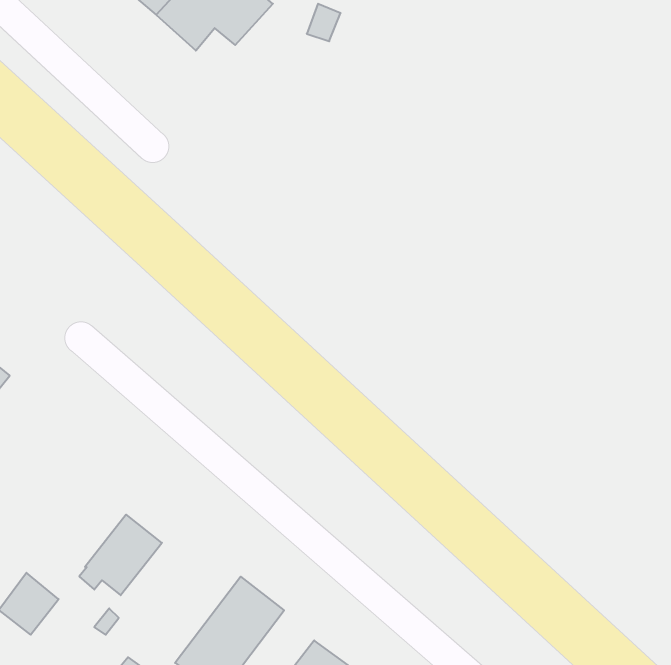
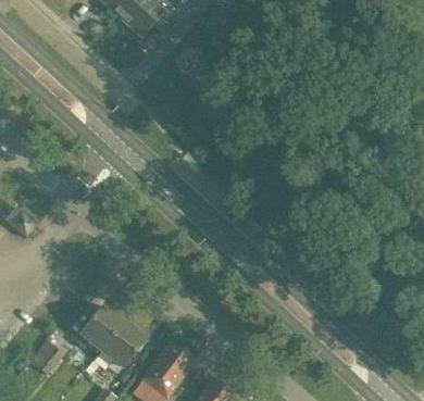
building: none -> [100,321,145,373]

